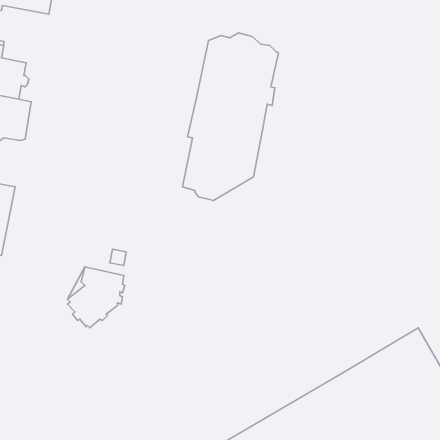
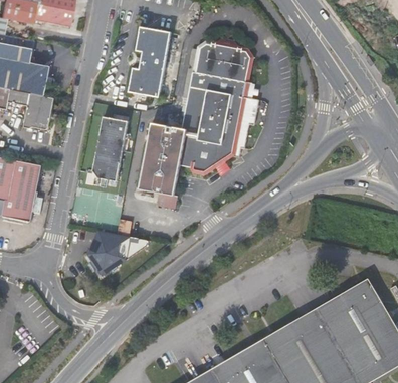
building: none -> [127,25,172,99]
building: none -> [90,113,127,185]
building: none -> [136,119,185,208]

